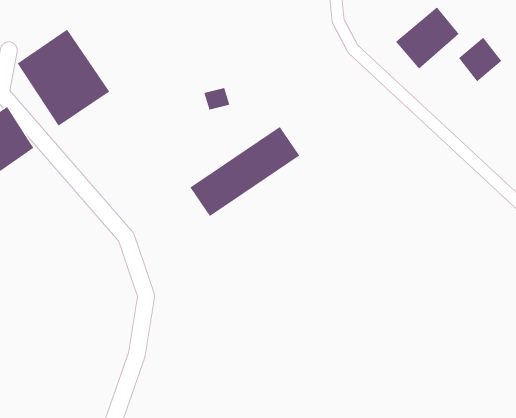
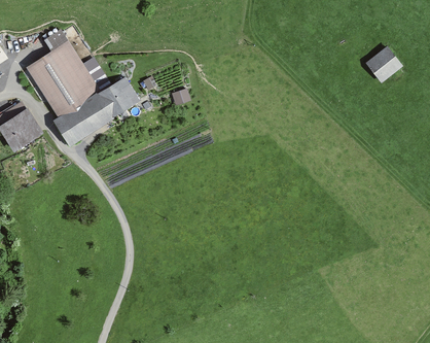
building: [395,6,460,70] -> none
building: [189,126,300,217] -> [53,79,139,149]

